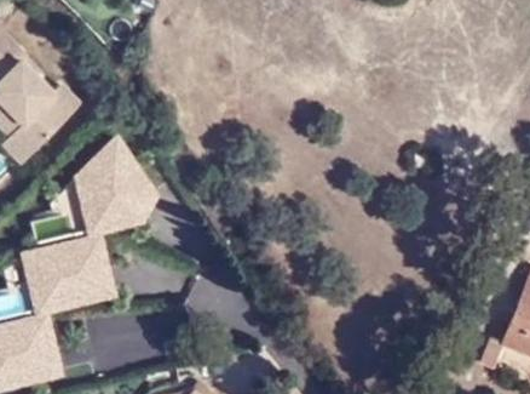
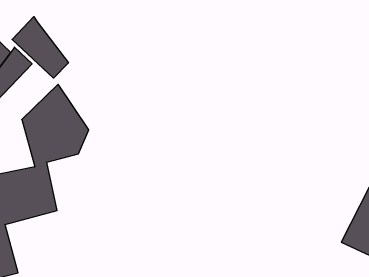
building: none -> [12,17,68,78]

